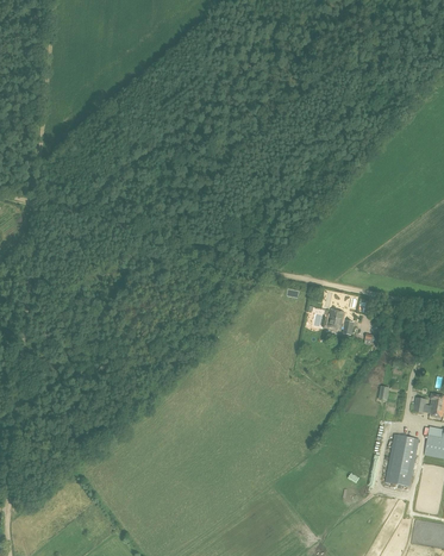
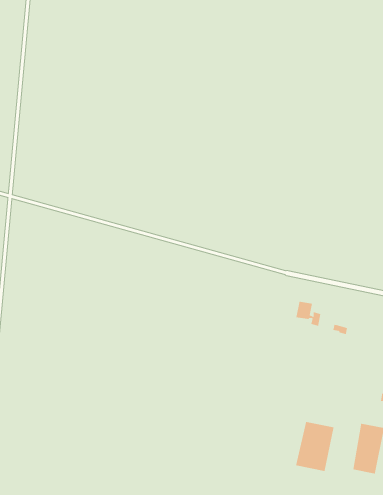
building: none -> [295,421,334,472]

